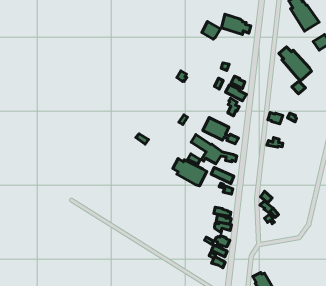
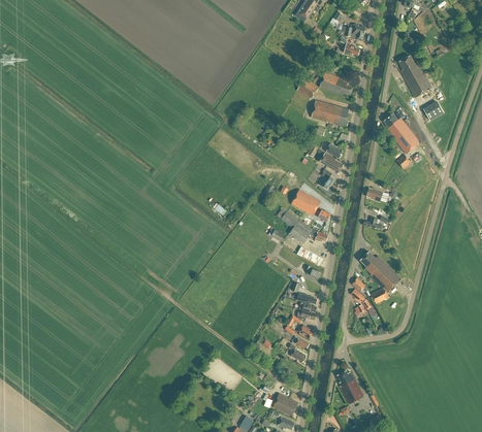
building: none -> [312,100,351,126]
building: [173,159,207,186] -> none
building: none -> [360,251,401,303]

